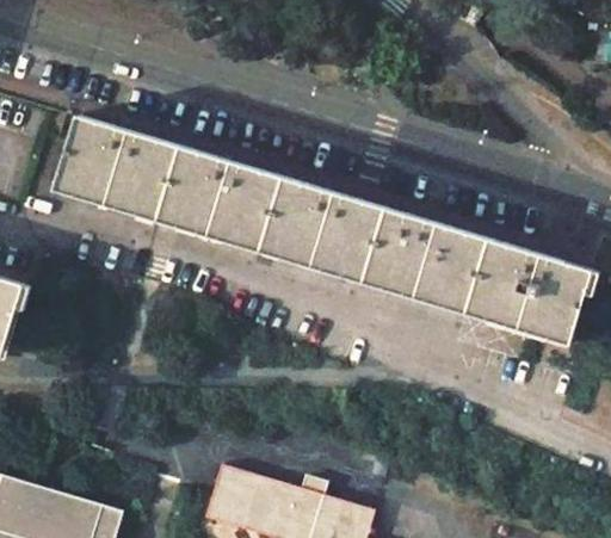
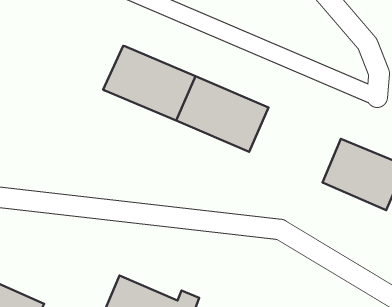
building: [57,120,190,216] -> none
building: [377,215,499,308] -> none

